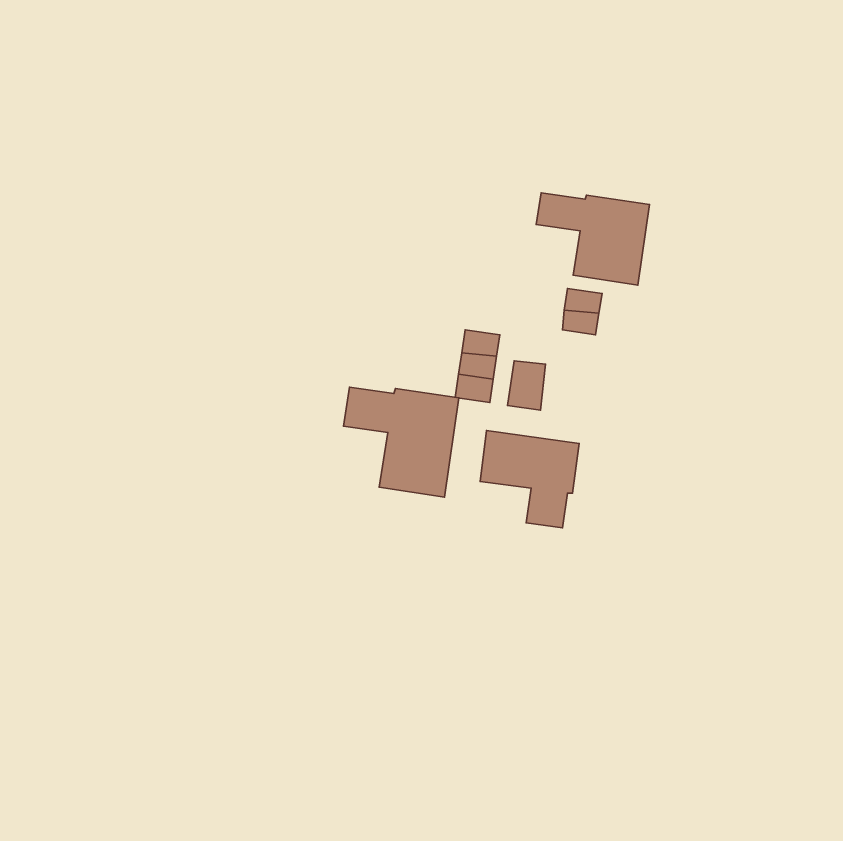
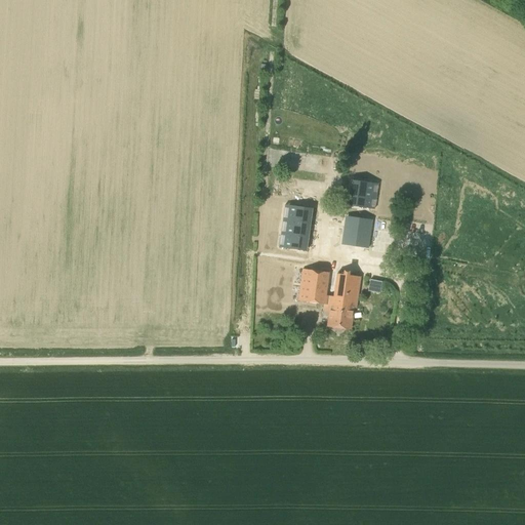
building: [536,193,649,285] -> none
building: [508,361,546,410] -> [348,216,371,247]
building: [344,387,459,497] -> none

